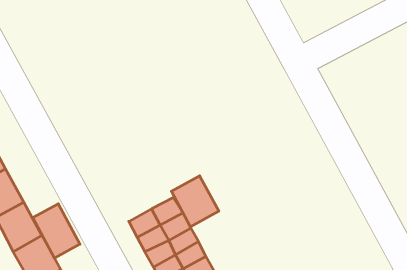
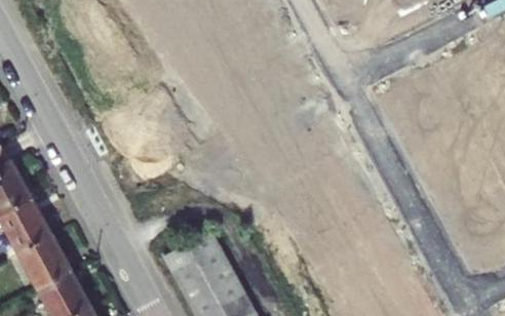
building: [171,176,219,227] -> none
building: [33,204,80,258] -> none

